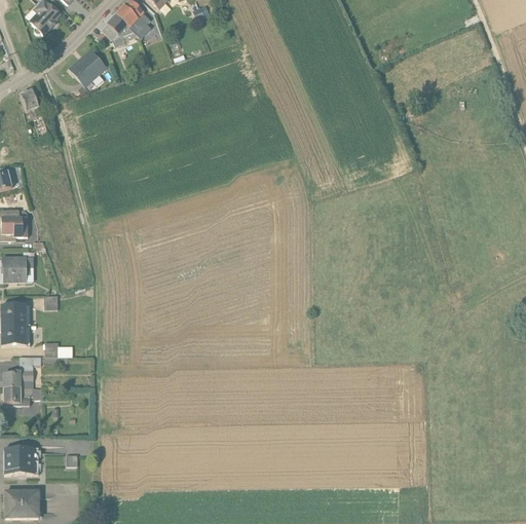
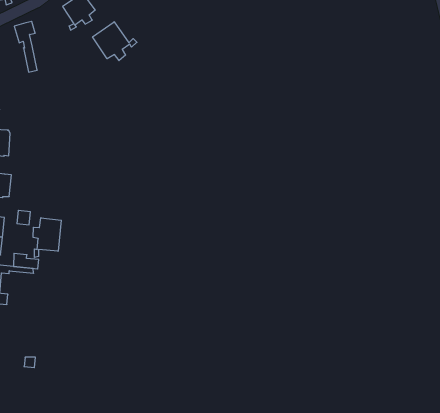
building: none -> [93,22,137,61]
building: none -> [33,218,61,257]

